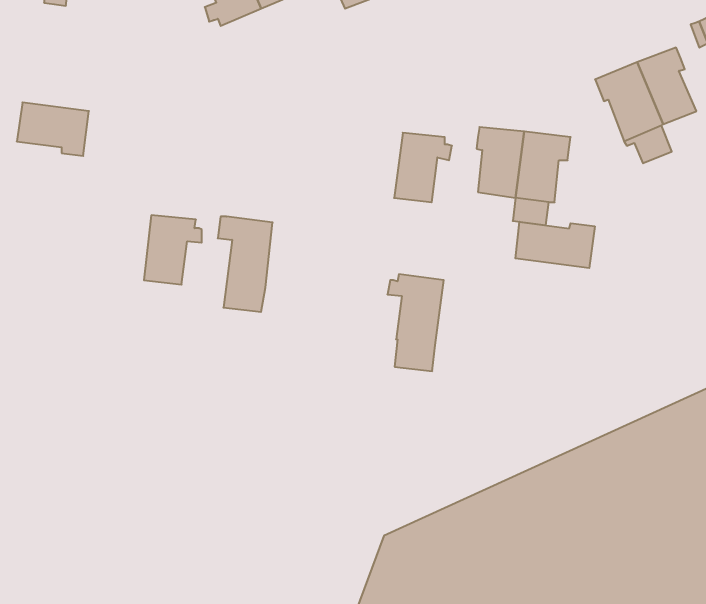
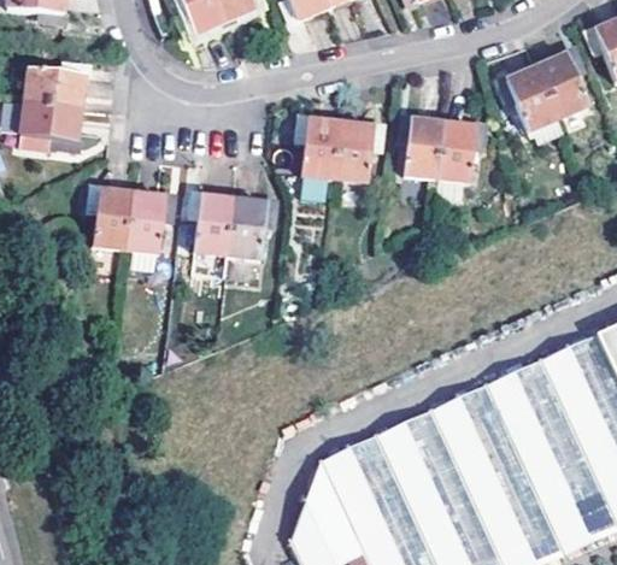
building: none -> [25,64,86,104]
building: none -> [93,186,133,245]
building: [515,222,595,268] -> none
building: none -> [228,196,271,255]
building: [387,274,444,371] -> [295,117,342,198]

